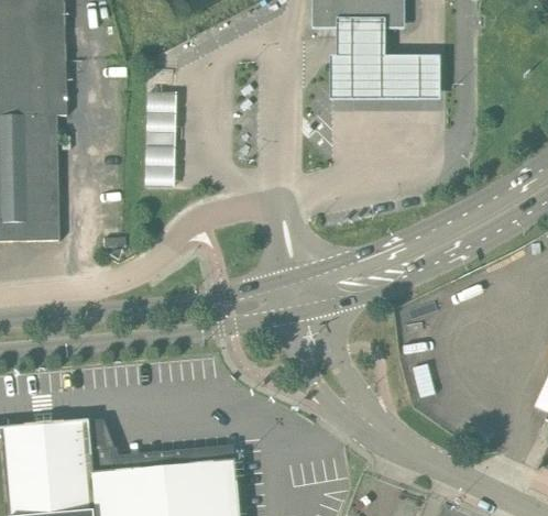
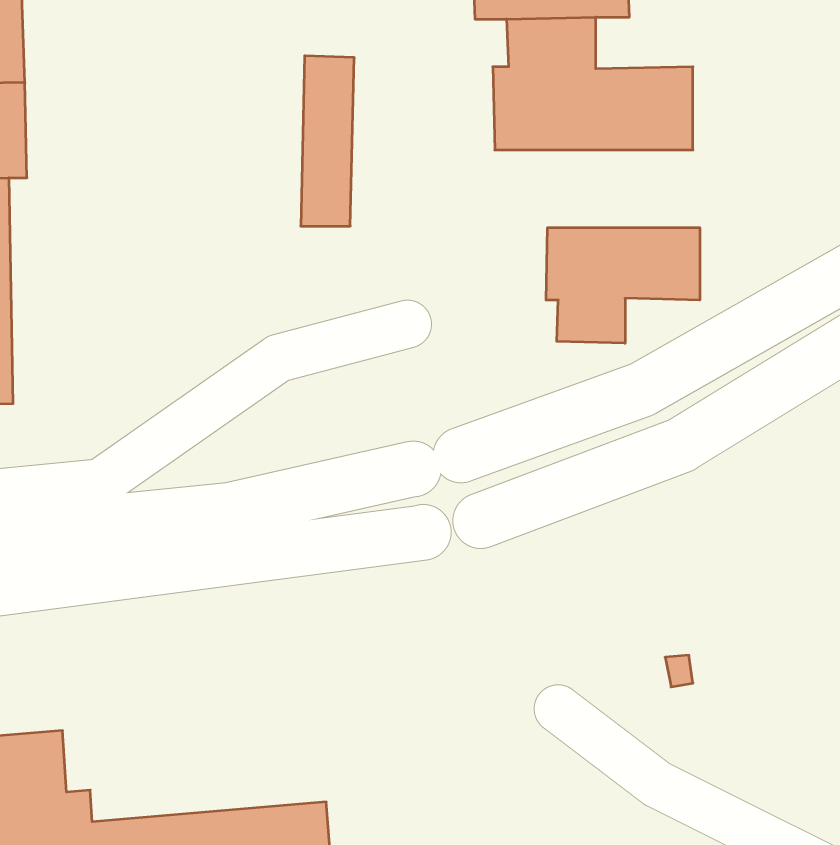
building: [145,92,175,187] -> [301,56,354,226]
building: none -> [546,228,700,343]

